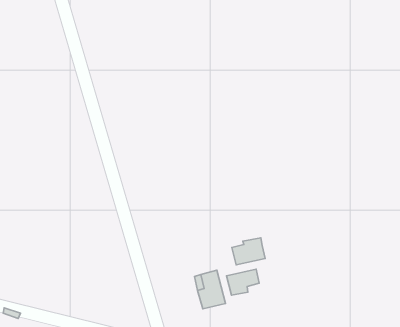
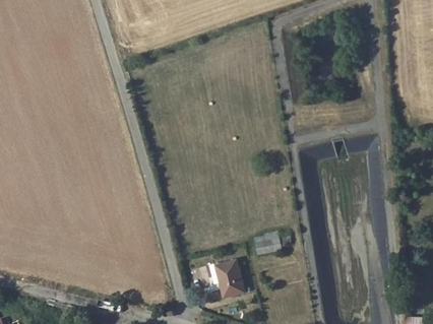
building: [227,269,259,295] -> none

